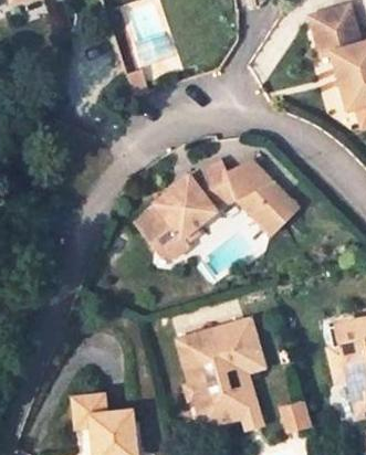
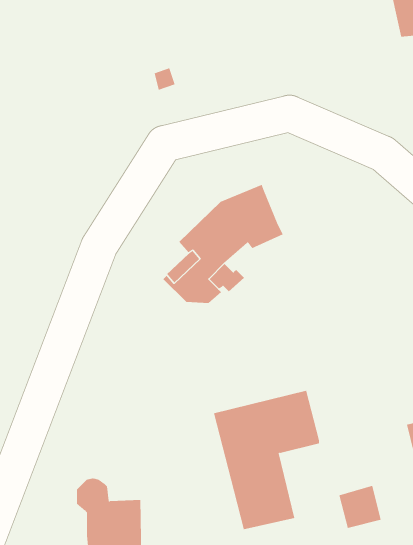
building: [219,160,292,234] -> none
building: [230,360,272,433] -> none

